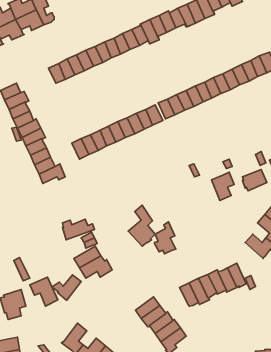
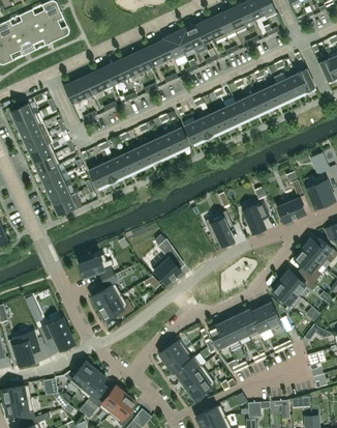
building: [154,222,176,254] -> [210,210,234,246]
building: none -> [272,280,301,313]
building: [52,275,81,300] -> [63,362,95,390]

